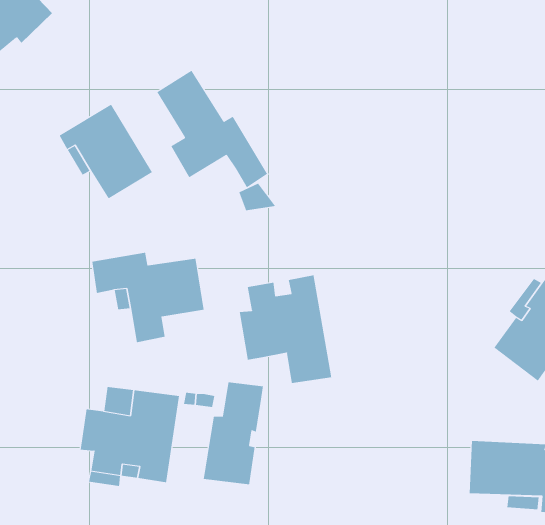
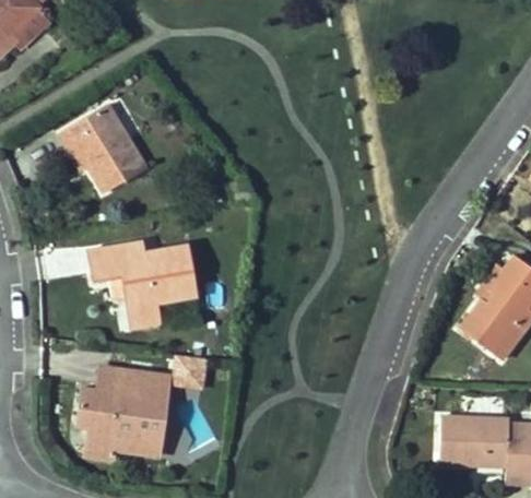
building: [157,70,268,188] -> none
building: [239,274,332,384] -> none
building: [203,381,263,485] -> none

